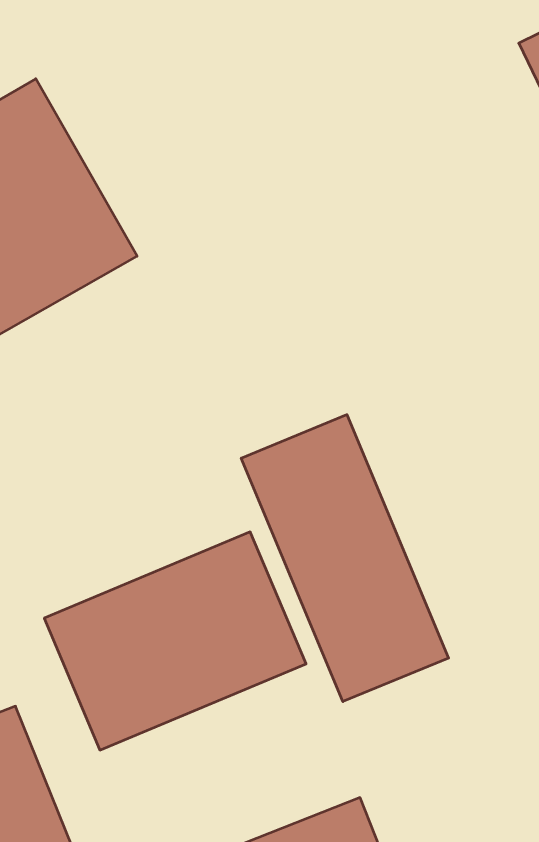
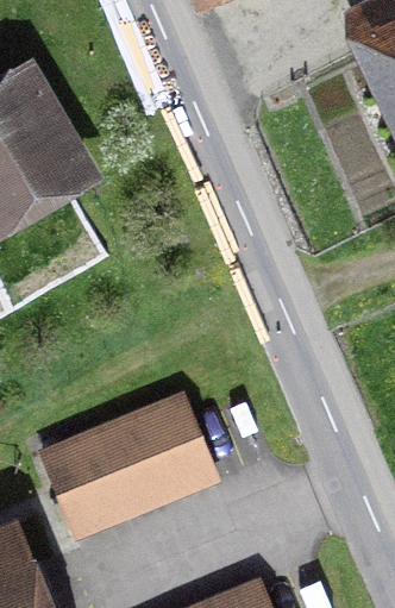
building: [241,415,449,702] -> none

